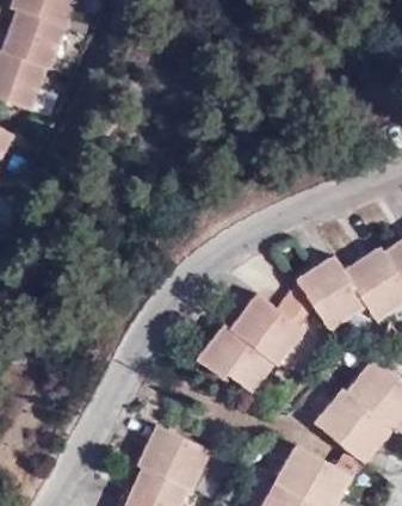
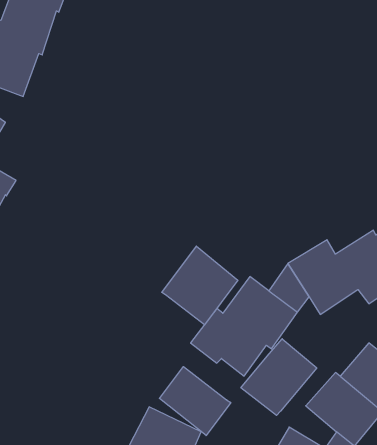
building: none -> [162,246,238,325]
building: none -> [241,339,317,415]
building: none -> [159,367,231,436]

